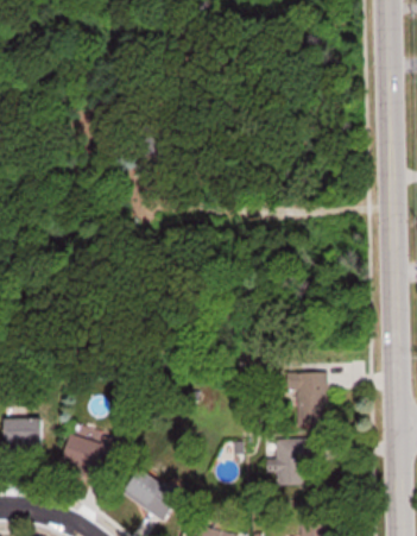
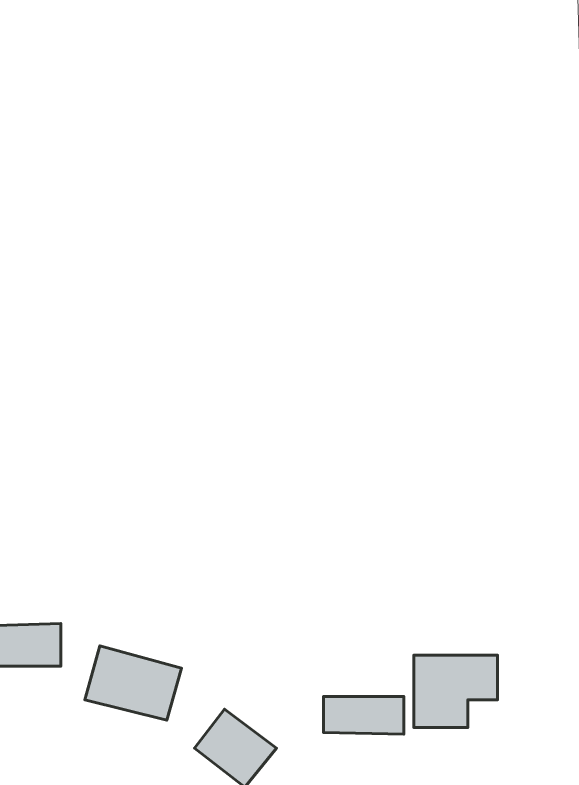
building: [286,373,326,425] -> none
building: none -> [323,697,404,734]

